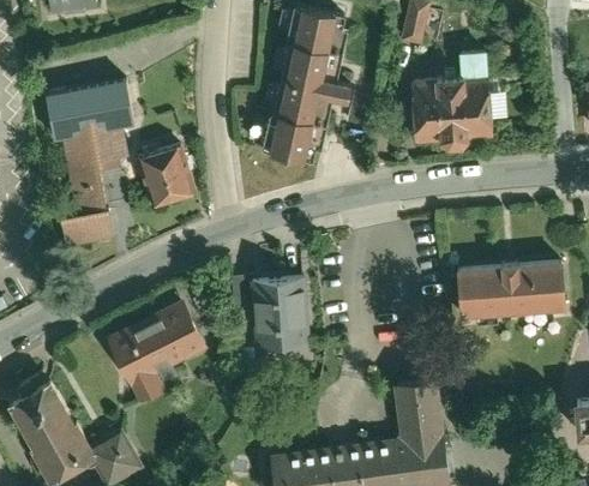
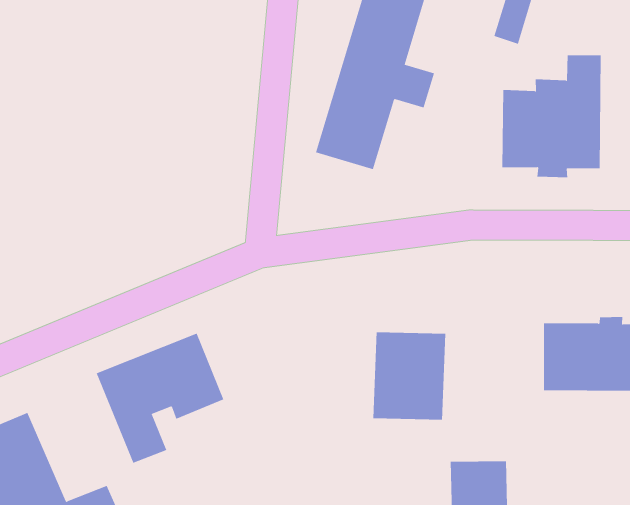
building: [43,79,137,248] -> none
building: [137,144,196,208] -> none
building: [251,278,311,352] -> [373,332,446,420]

